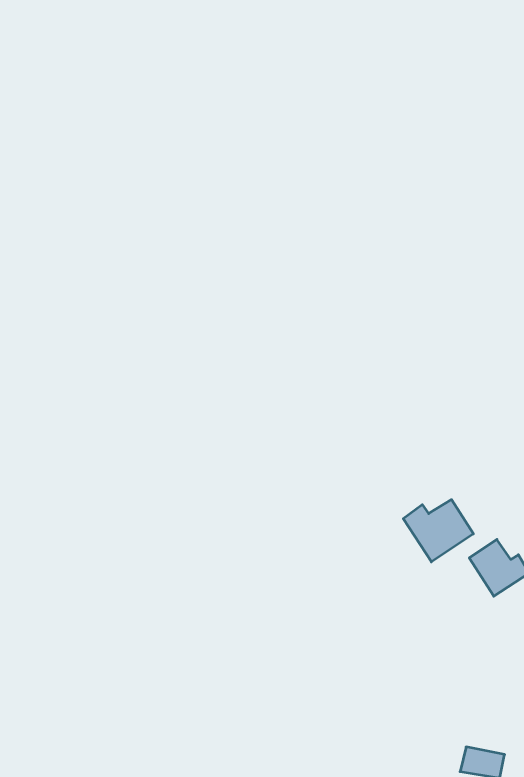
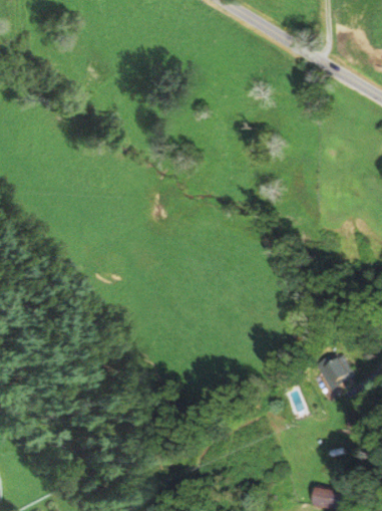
building: [403,500,473,562] -> none

